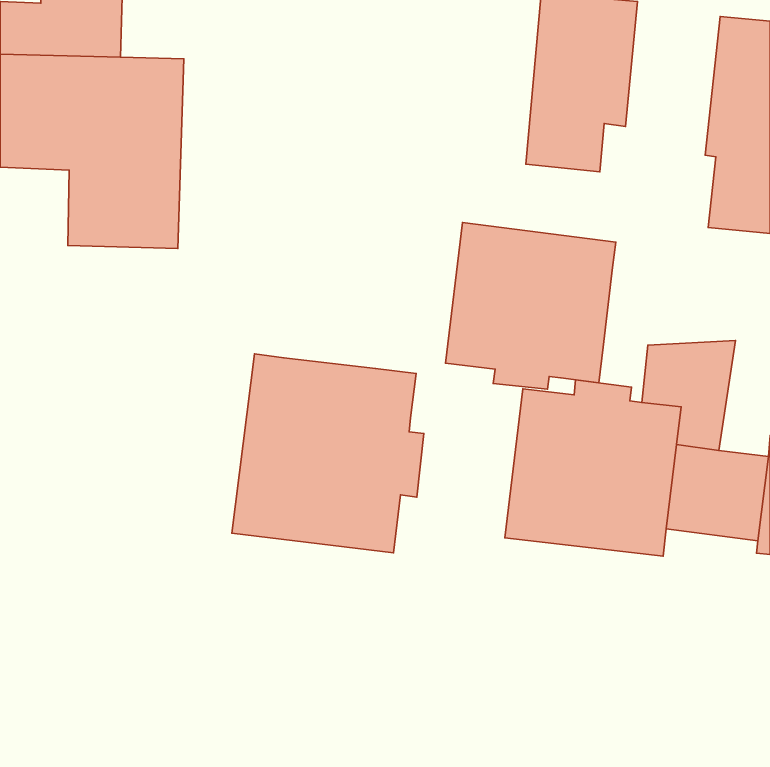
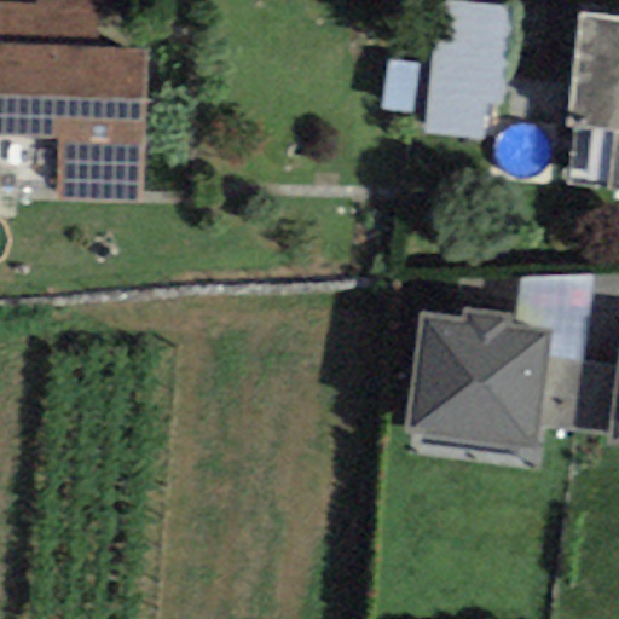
building: [446,222,616,389] -> none
building: [232,354,424,553] -> none

